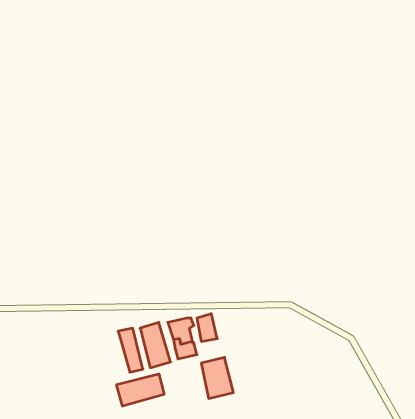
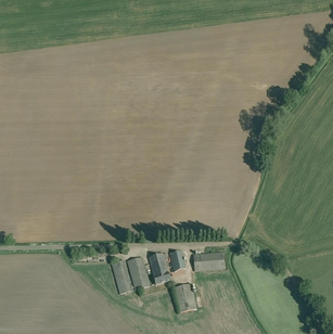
building: none -> [194,252,223,270]
building: [117,374,164,406] -> none

